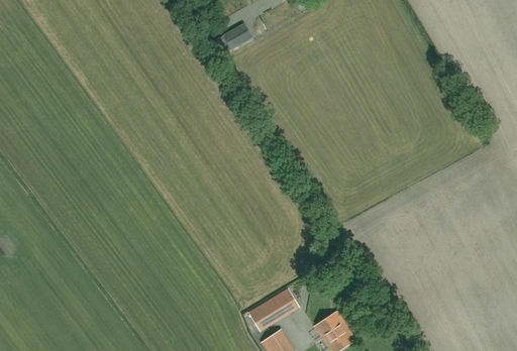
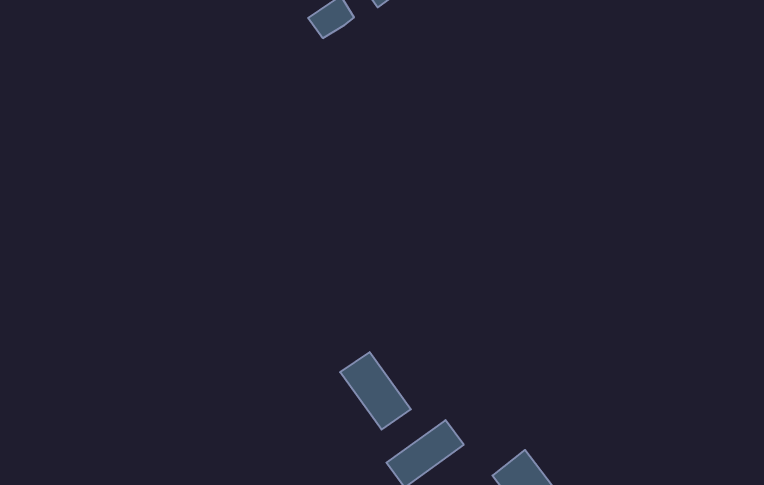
building: none -> [340,352,411,430]

